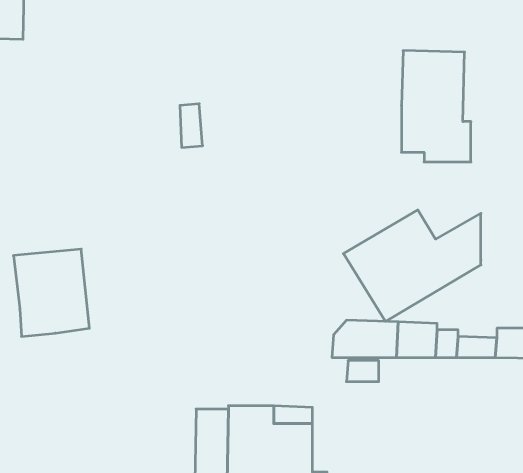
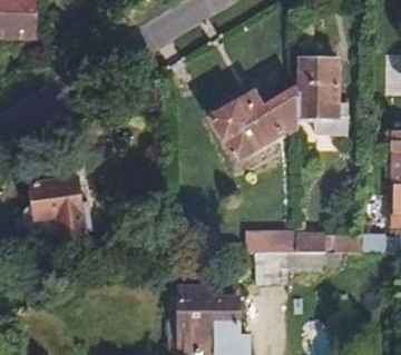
building: [343,210,481,321] -> [204,79,299,156]

